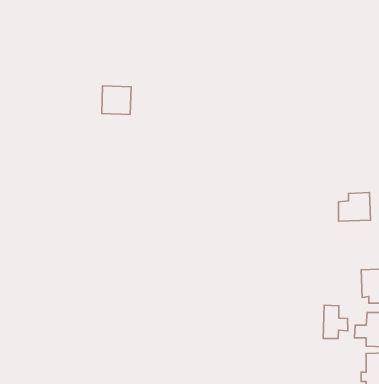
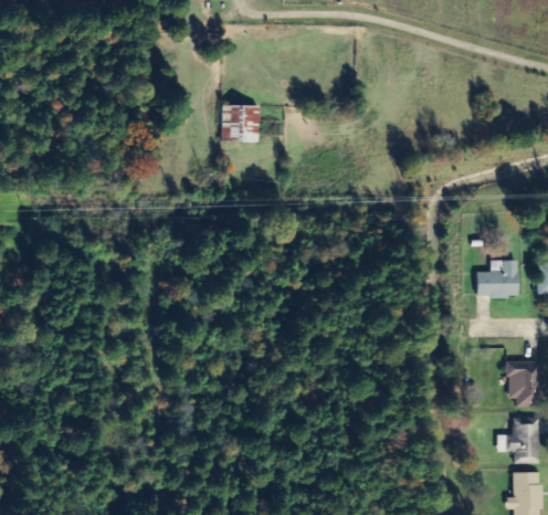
building: [102,86,131,114] -> [220,104,259,141]
building: [323,305,348,338] -> none

